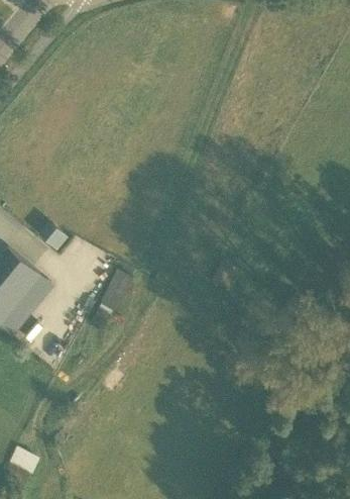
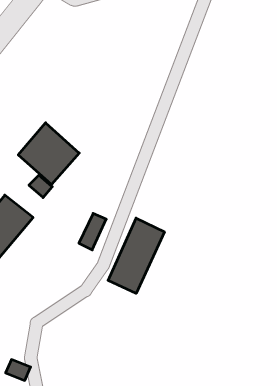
building: none -> [18,123,79,184]
building: none -> [108,218,164,293]

